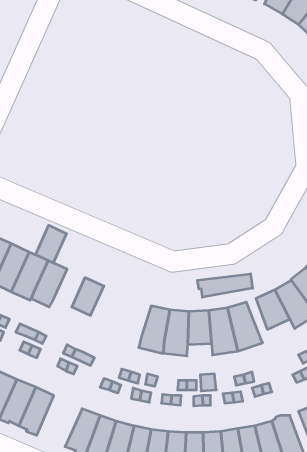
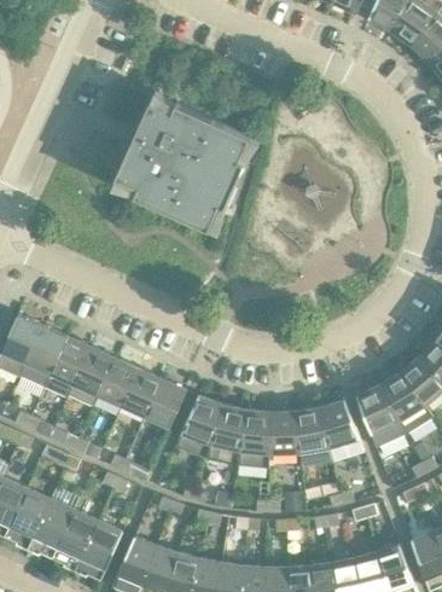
building: none -> [116,99,250,228]
building: [35,225,67,263] -> [98,356,138,405]
building: [197,274,253,297] -> none
building: none -> [145,378,187,426]
building: none -> [175,394,222,457]
building: none -> [76,518,123,579]

